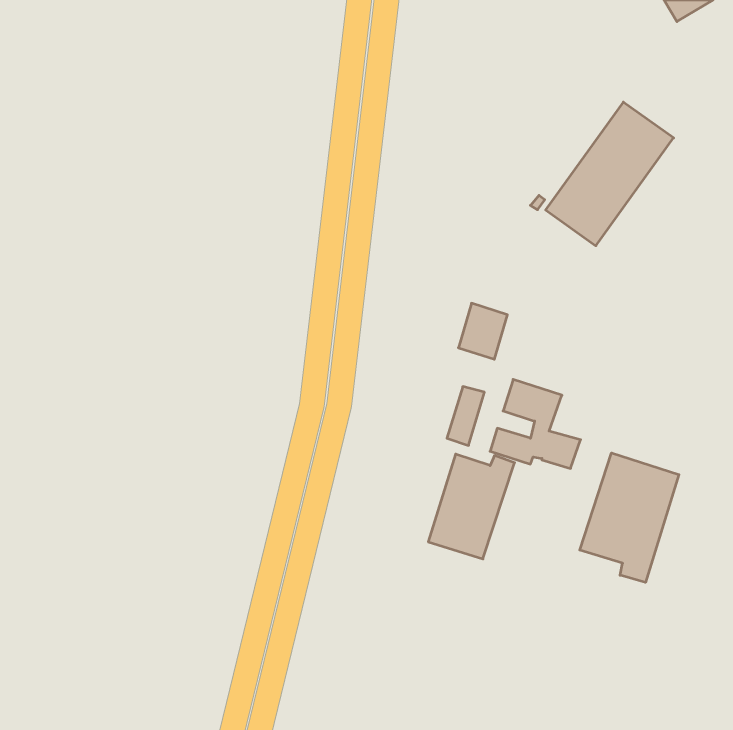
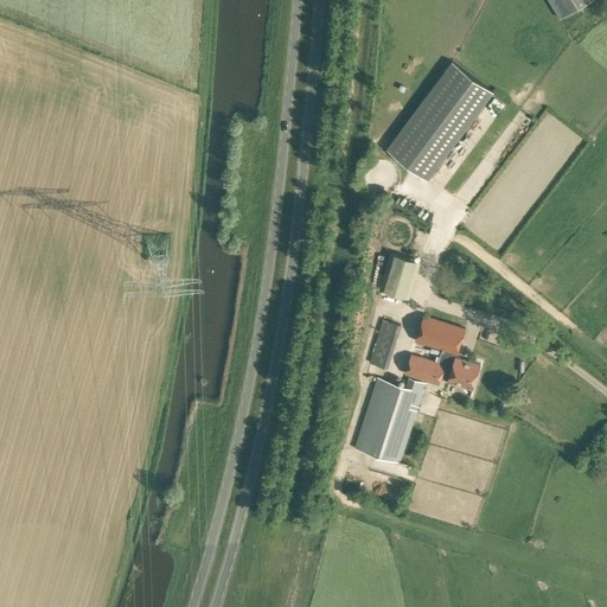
building: [546,102,674,246] -> [386,63,492,181]
building: [580,453,679,582] -> none

